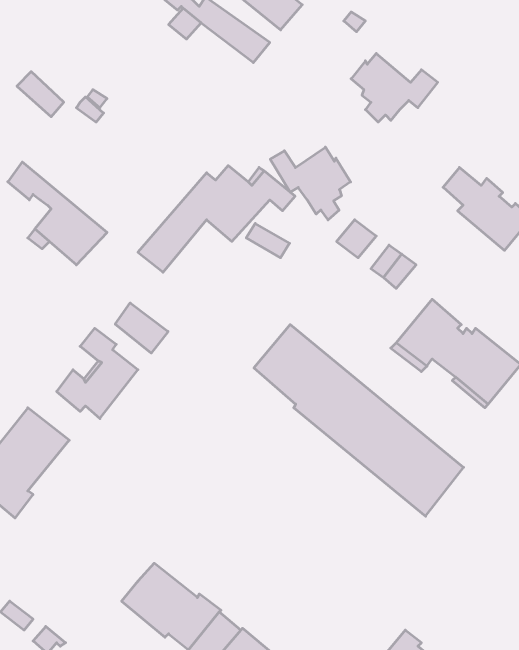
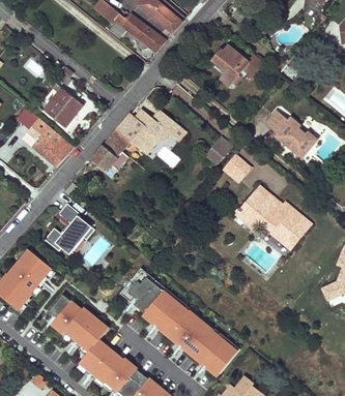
building: none -> [42,84,83,128]
building: [270,147,351,220] -> none
building: [115,303,168,353] -> none
building: [254,325,464,516] -> [121,265,241,374]
building: none -> [50,293,110,348]

